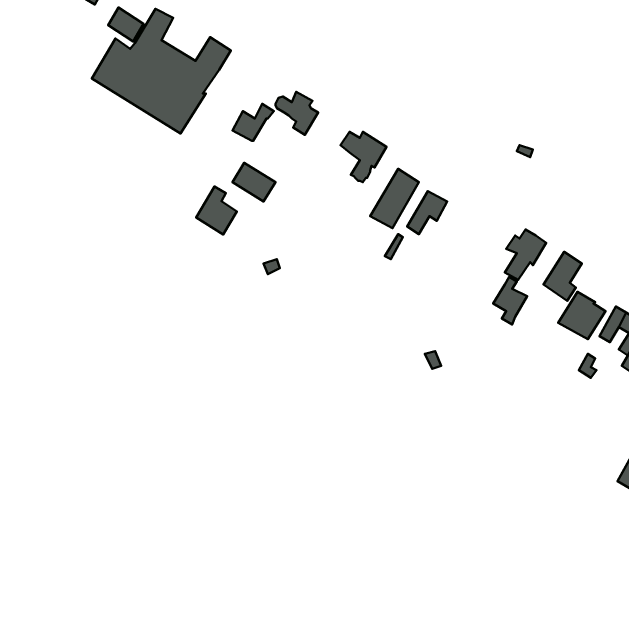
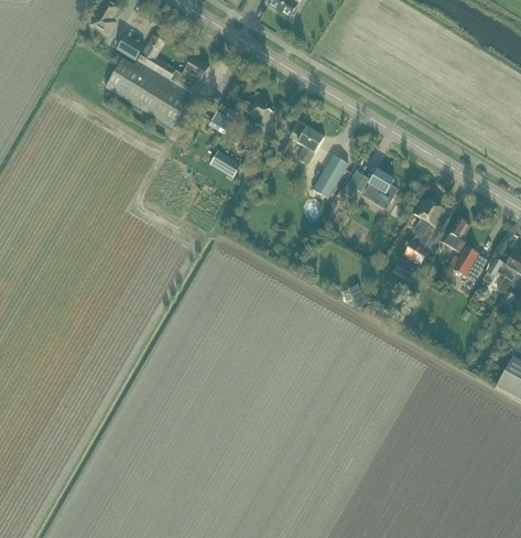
building: [196,187,237,234] -> none
building: none -> [368,169,398,205]

